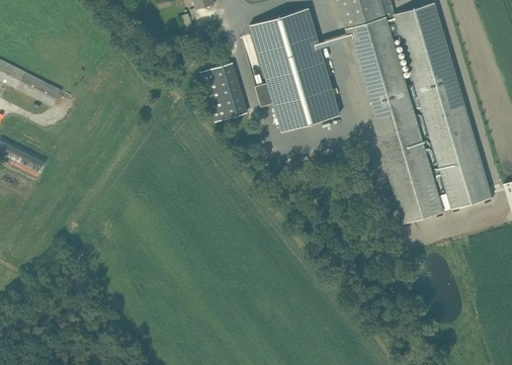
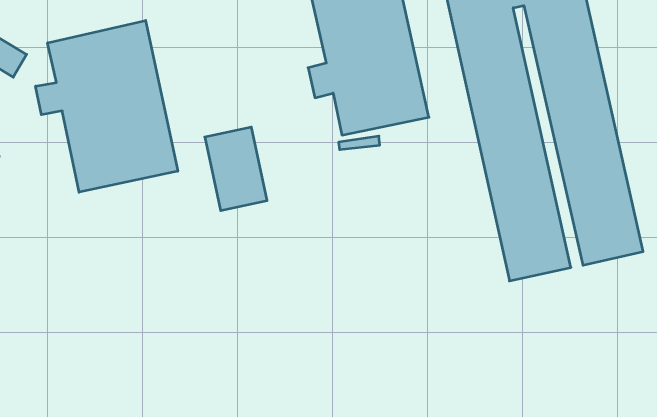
building: none -> [36,20,178,192]
building: [201,64,247,122] -> [205,127,267,211]

